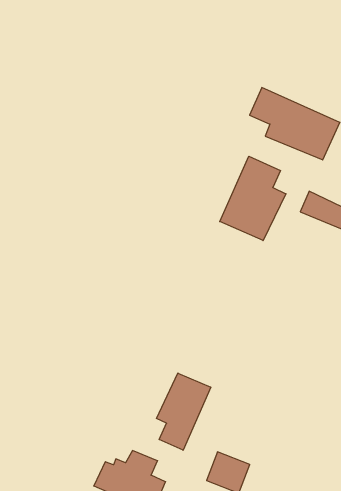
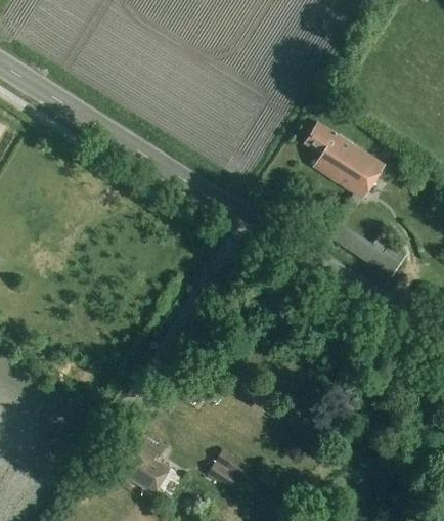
building: [220,156,286,241] -> none
building: [157,373,211,450] -> none

